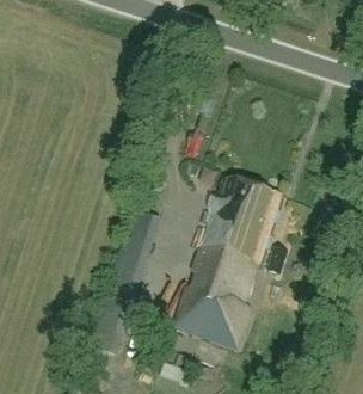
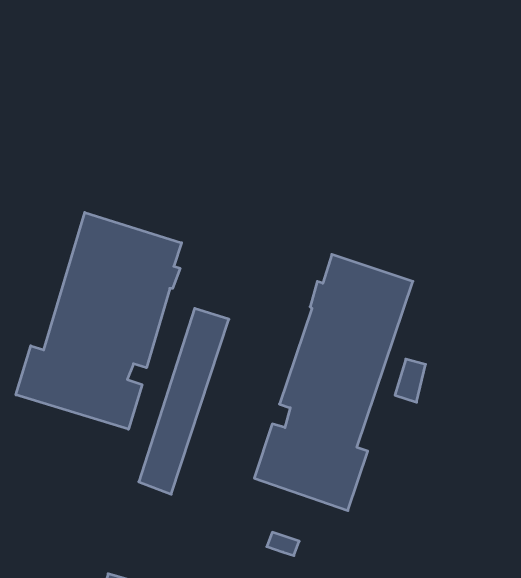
building: none -> [16,212,182,429]

